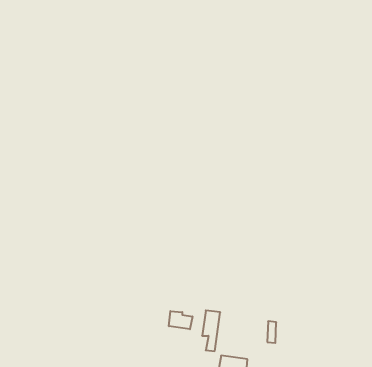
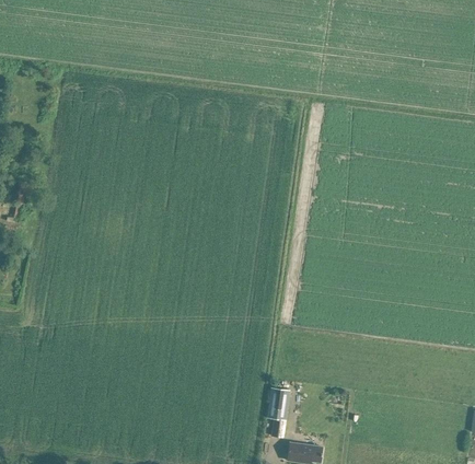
building: [169,311,192,329] -> none

